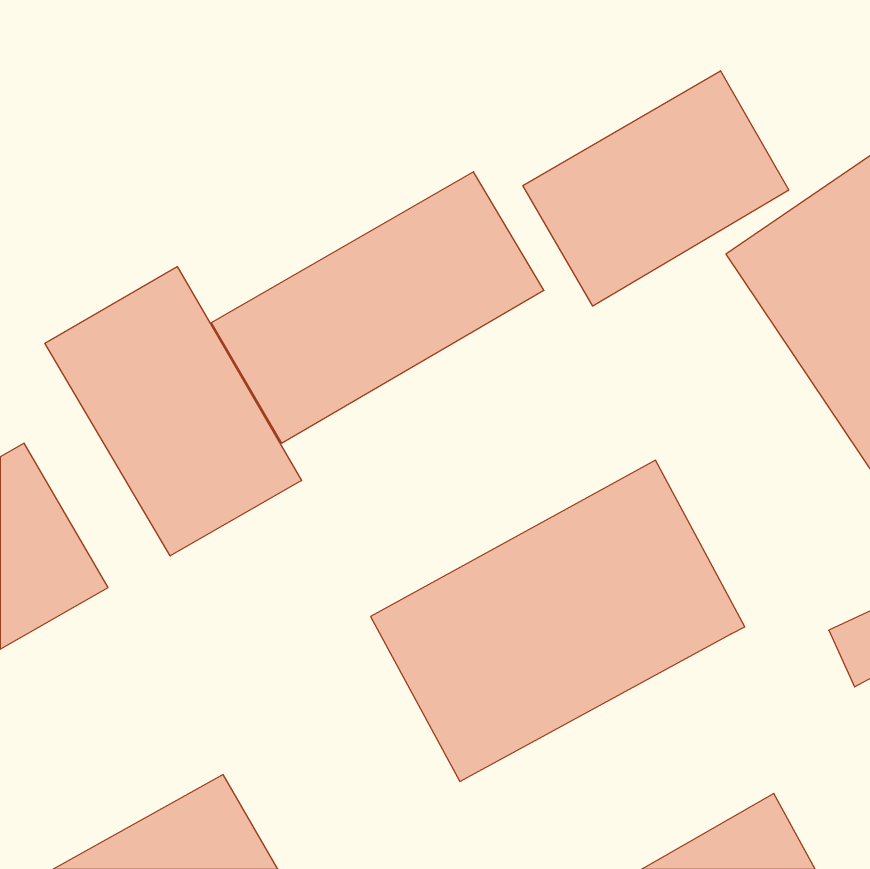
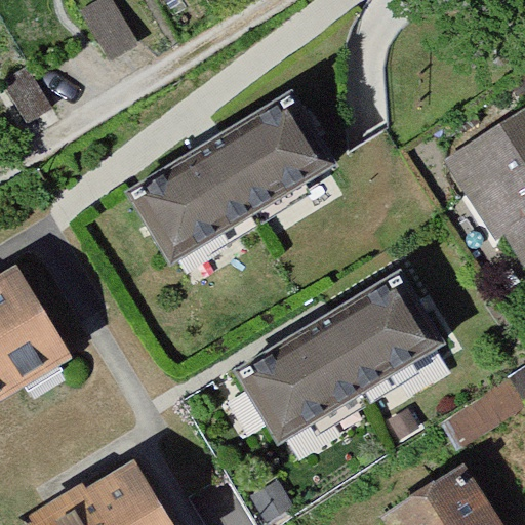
building: [523,71,789,306] -> none
building: [45,267,302,556] -> none

